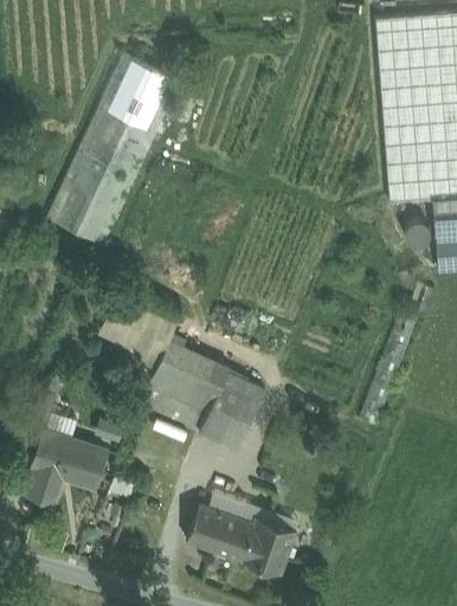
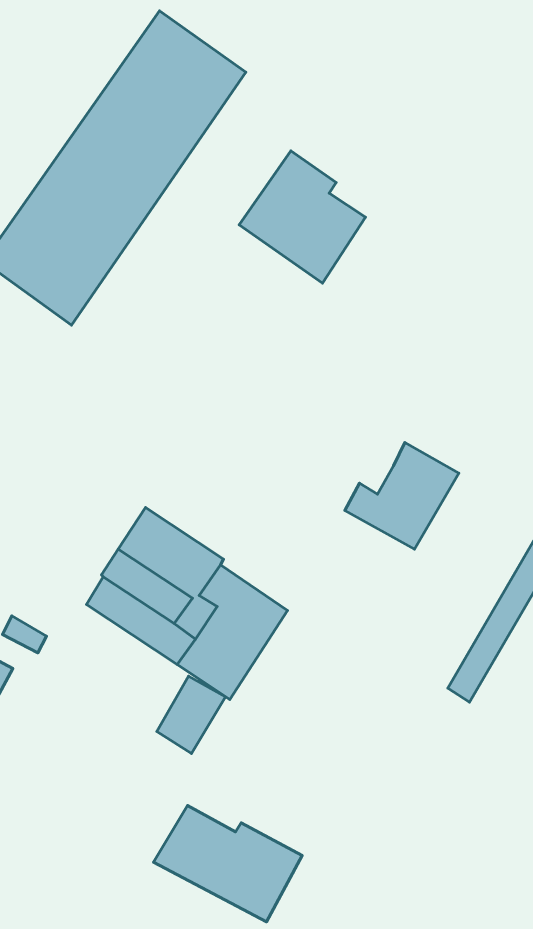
building: none -> [239,151,365,283]
building: none -> [345,443,459,549]
building: [185,505,221,550] -> [157,676,226,754]

